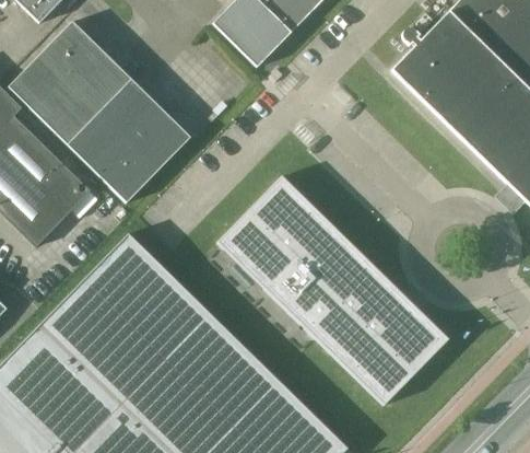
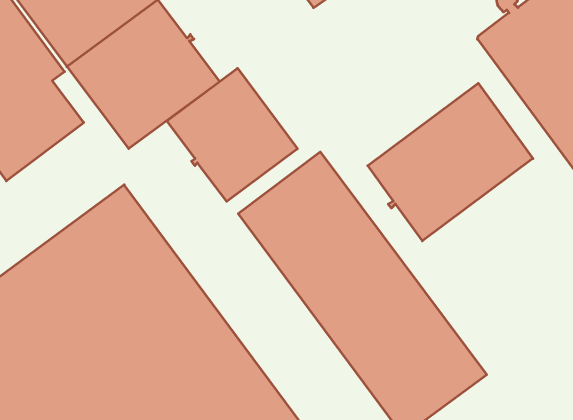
building: none -> [368,83,533,241]
building: none -> [167,68,297,201]

